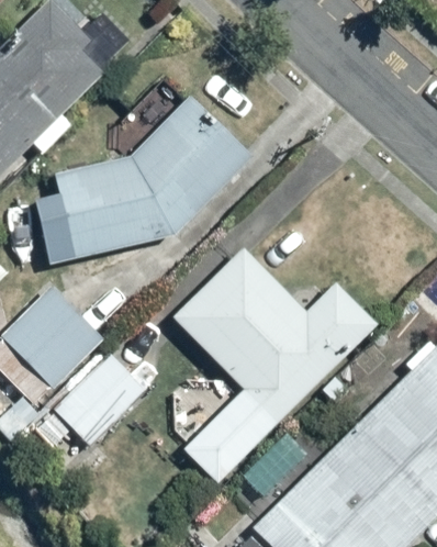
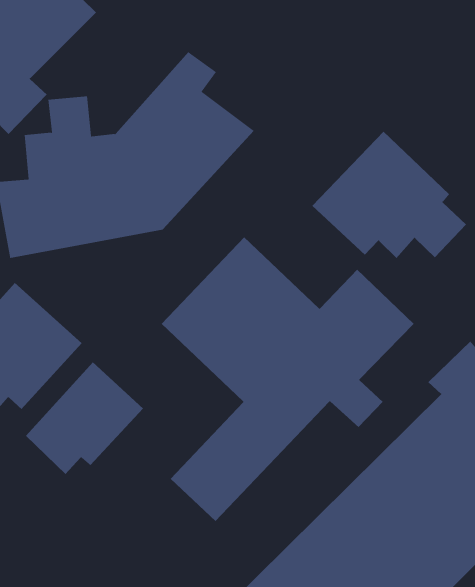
building: none -> [312,131,467,259]

